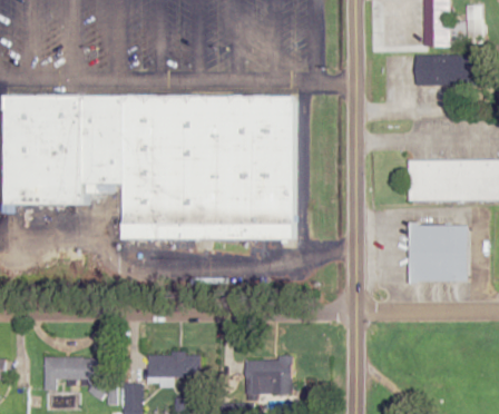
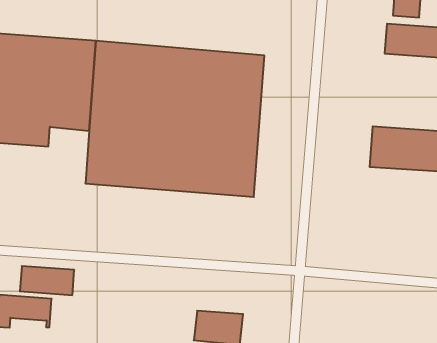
building: [410,223,468,282] -> none
building: [146,354,199,380] -> [20,266,74,295]

